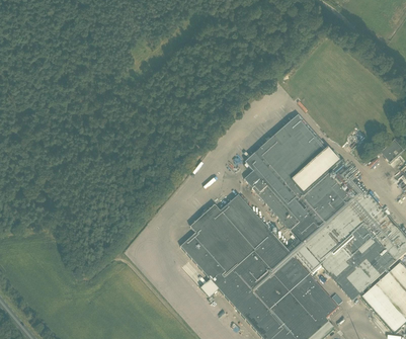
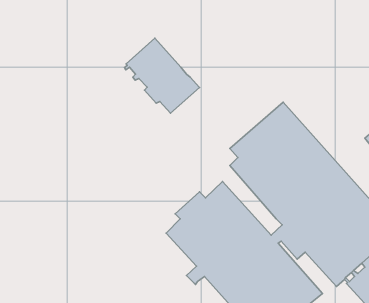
building: none -> [125,38,199,113]

